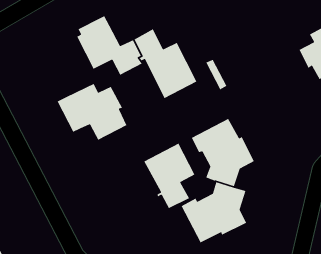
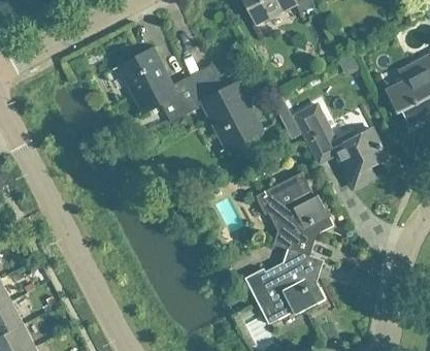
building: none -> [294,102,387,188]
building: [56,83,128,141] -> none
building: [143,142,196,209] -> none

